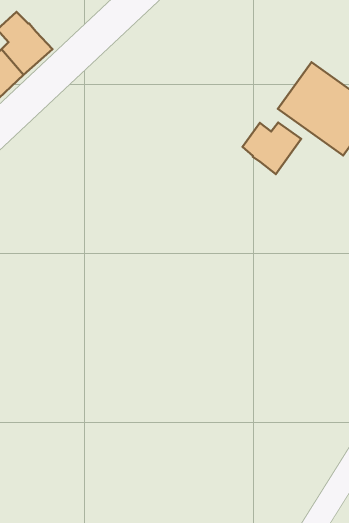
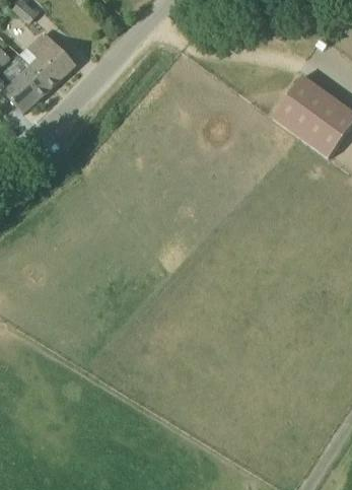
building: [242,123,301,174] -> none

